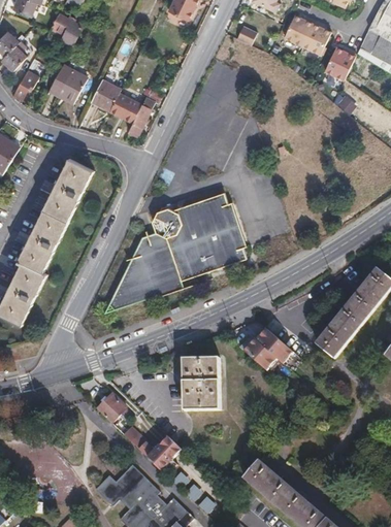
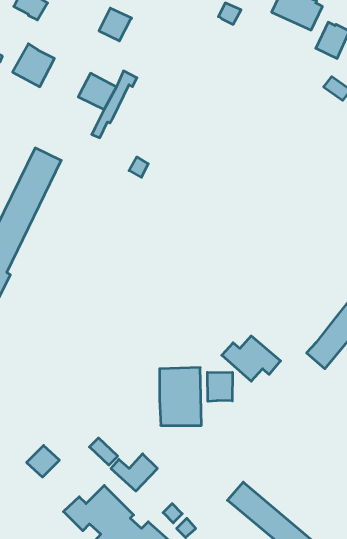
building: [91,79,121,109] -> [99,8,132,41]
building: [110,192,249,307] -> none
building: none -> [207,372,232,401]
building: [96,394,126,423] -> [27,445,59,477]

